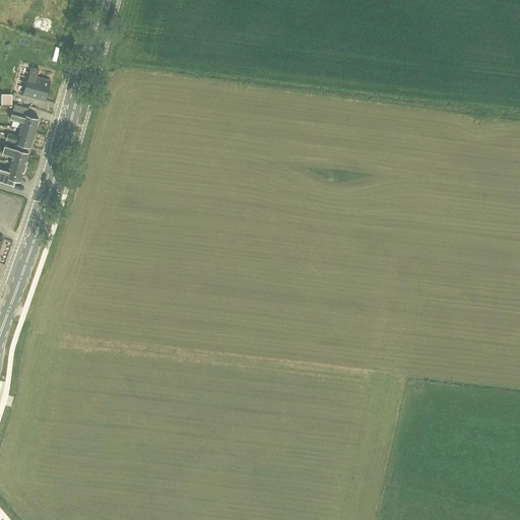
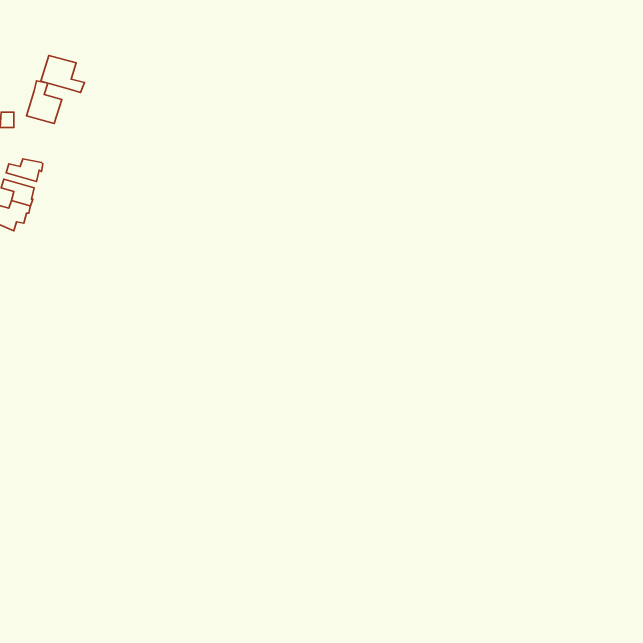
building: none -> [41,56,84,93]
building: [9,103,38,132] -> none

